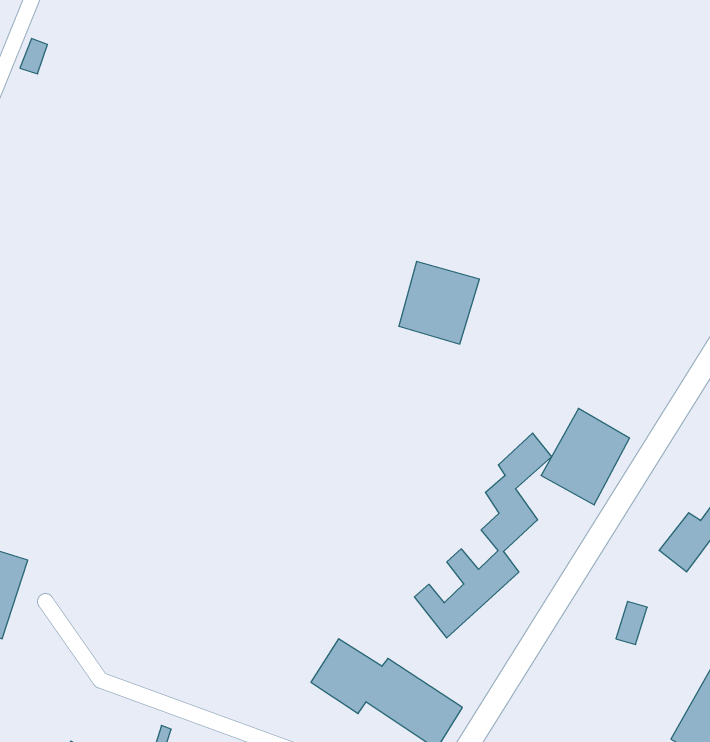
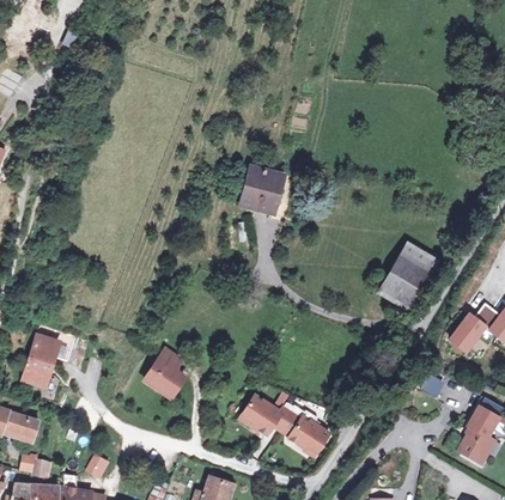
building: [399,261,479,344] -> [239,166,288,217]
building: [414,433,551,638] -> none
building: none -> [138,342,187,401]

